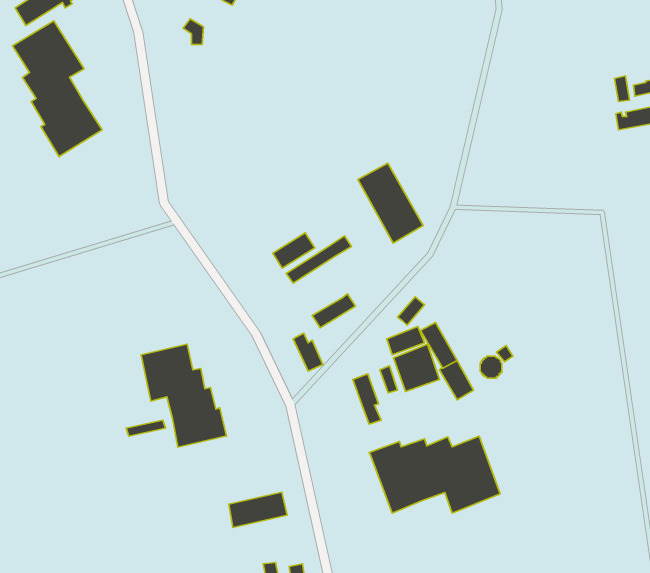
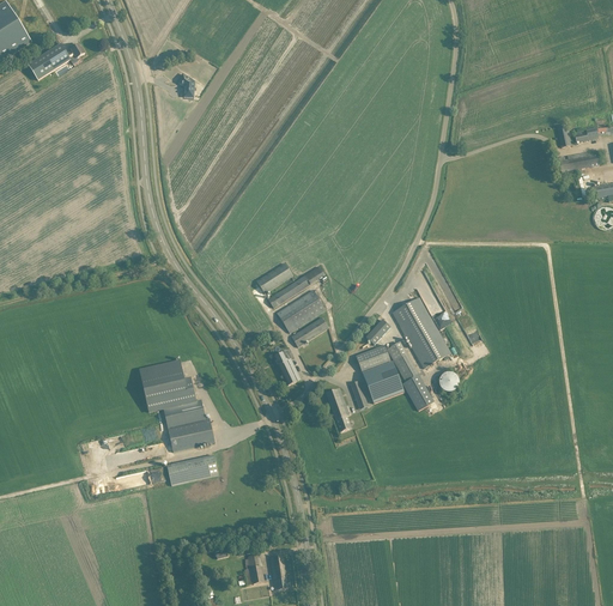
building: [12,21,102,157] -> none
building: [358,163,423,243] -> [392,297,449,368]
building: none -> [275,289,324,332]
building: [369,436,500,513] -> none
building: [229,492,287,527] -> [166,454,218,485]

